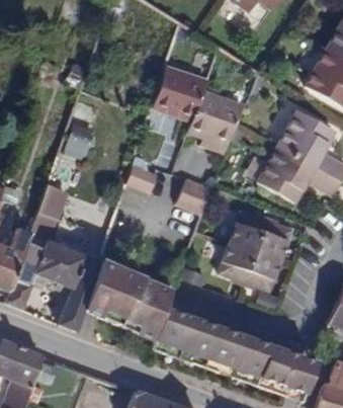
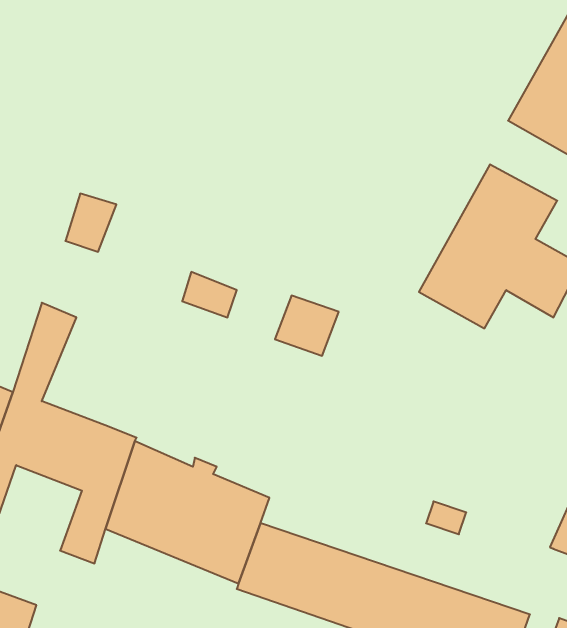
building: [153,60,242,142] -> none
building: [221,209,294,290] -> none

